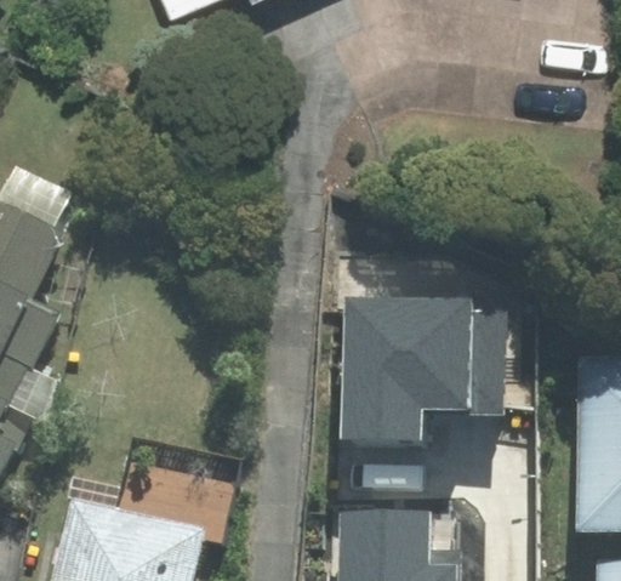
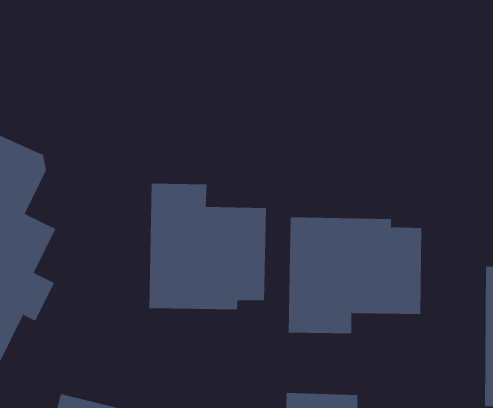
building: none -> [149,183,267,310]

